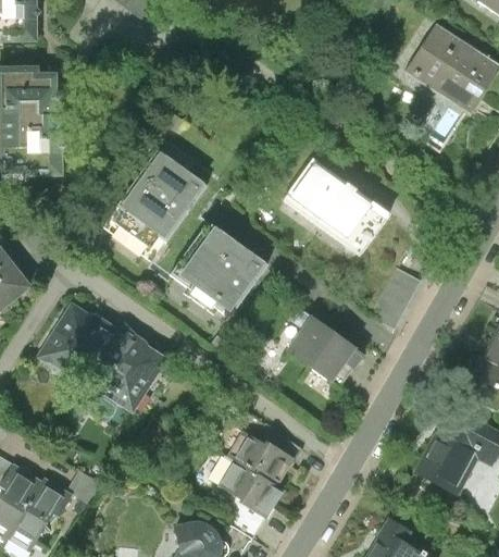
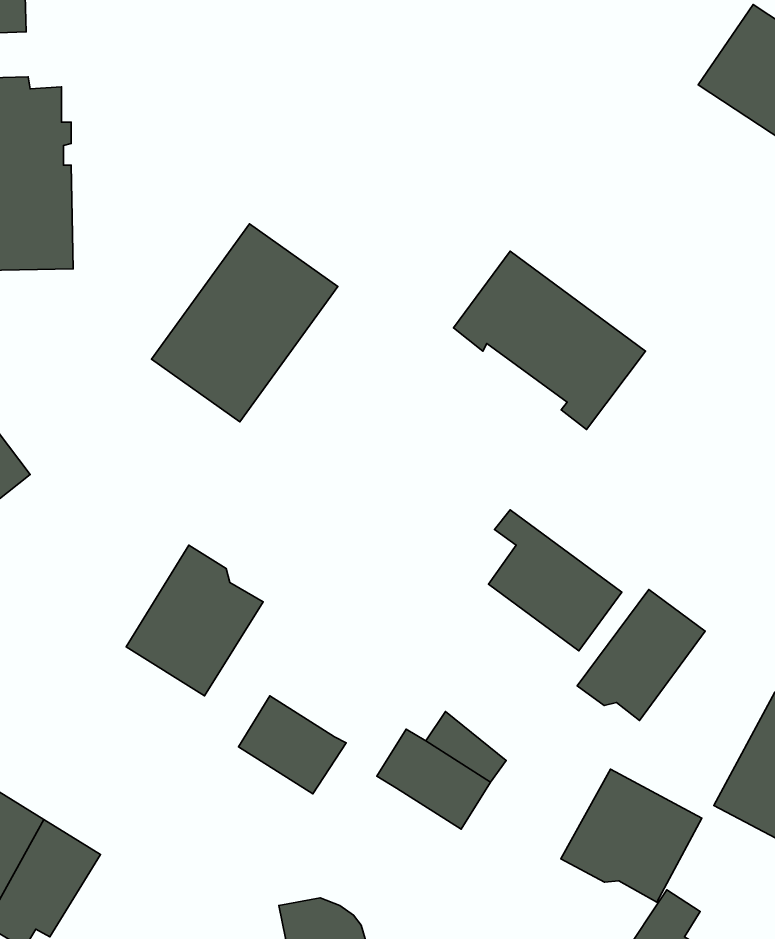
building: [172,220,269,314] -> none
building: [372,269,414,319] -> none
building: [38,302,125,383] -> none
building: none -> [577,590,705,721]
building: none -> [561,769,702,902]
building: [223,461,283,516] -> [238,696,346,794]

